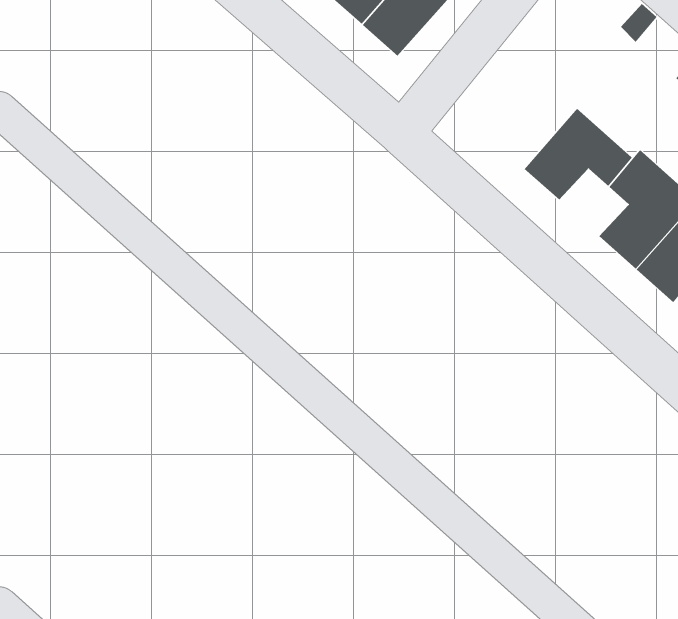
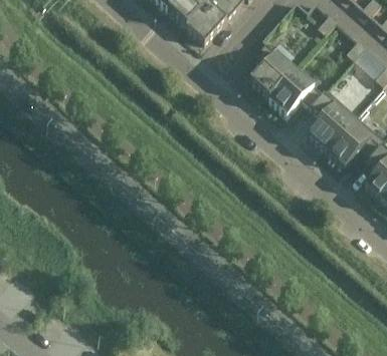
building: none -> [249,42,296,99]

